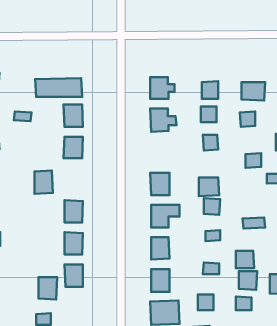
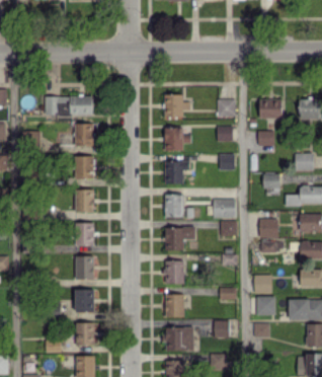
building: none -> [164,157,189,184]
building: [34,170,53,194] -> [75,188,94,213]
building: none -> [259,218,278,237]
building: [39,277,57,299] -> [76,322,95,346]

